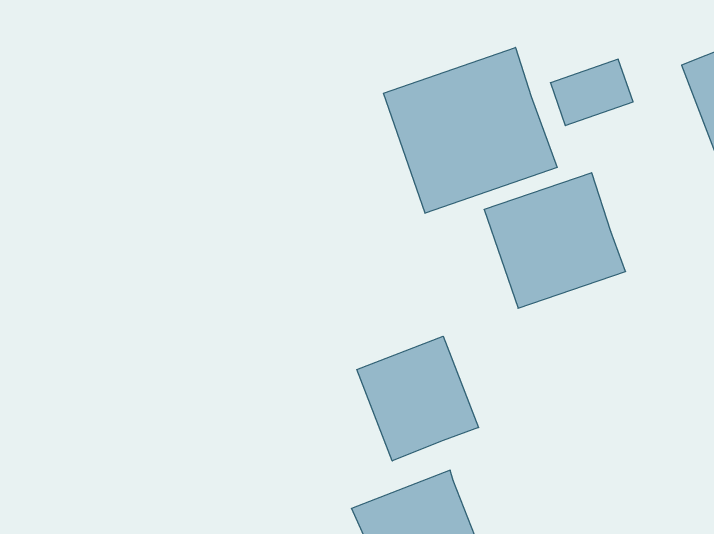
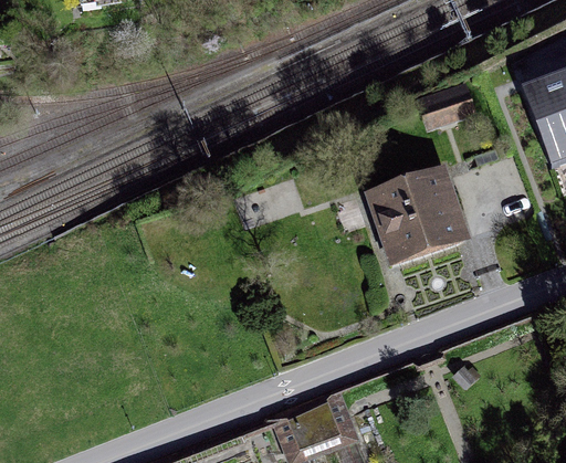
building: [383,47,557,213] -> none
building: [357,336,479,461] -> none

